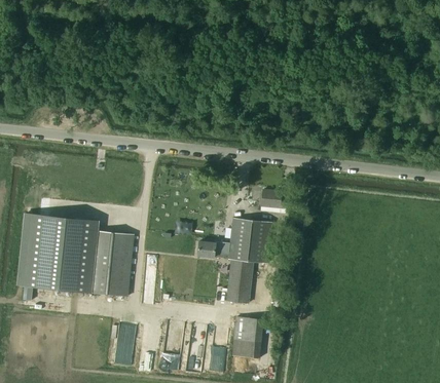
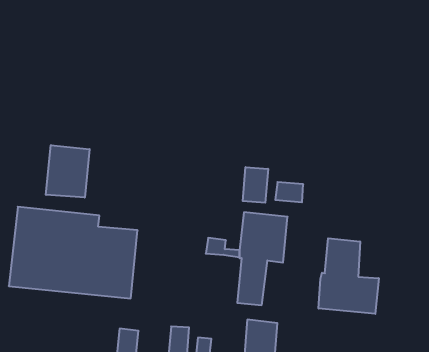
building: none -> [46,145,90,198]
building: none -> [243,167,268,203]
building: none -> [319,238,379,314]

